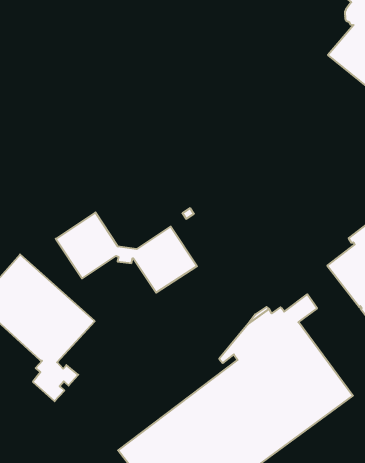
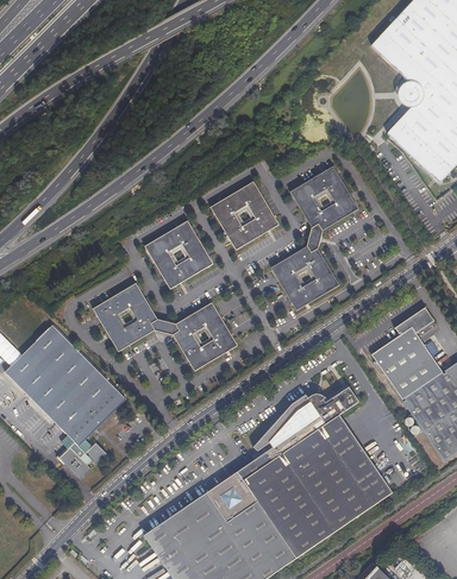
building: none -> [269,165,358,311]
building: none -> [211,181,278,250]
building: none -> [144,220,212,289]

